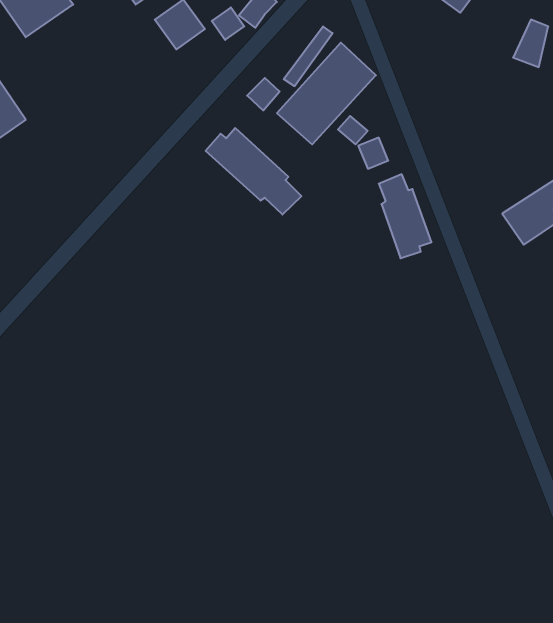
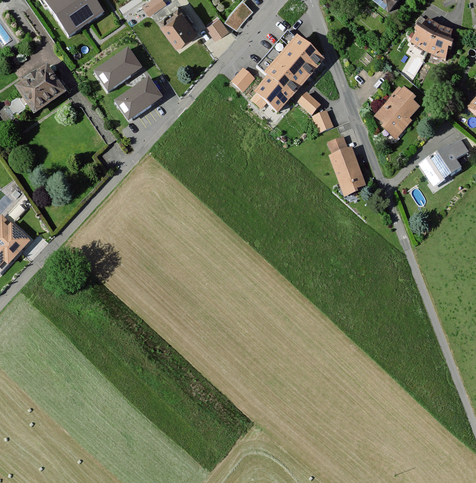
building: none -> [410,14,440,48]
building: none -> [95,46,144,92]
building: none -> [115,76,163,119]
building: none -> [375,87,420,140]
building: [206,128,301,215] -> none

